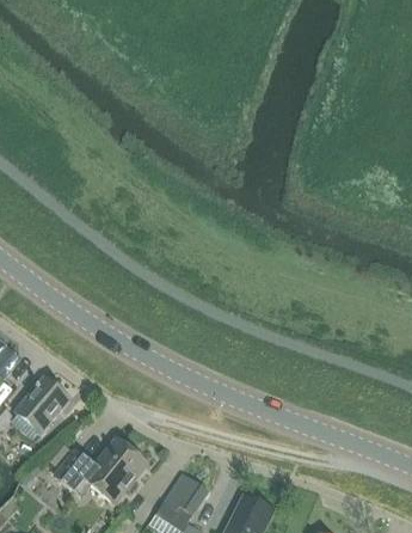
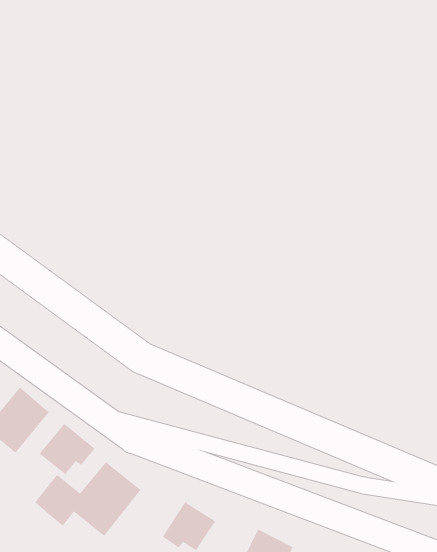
building: none -> [38,423,95,475]

